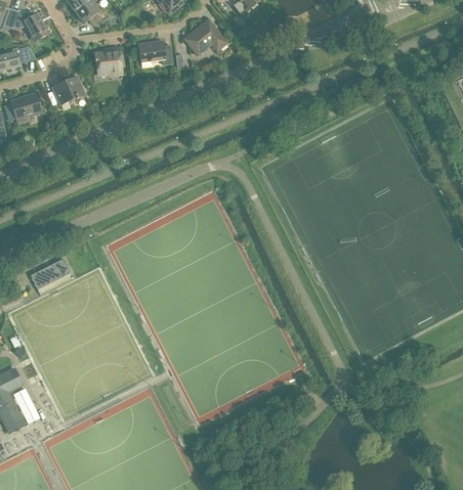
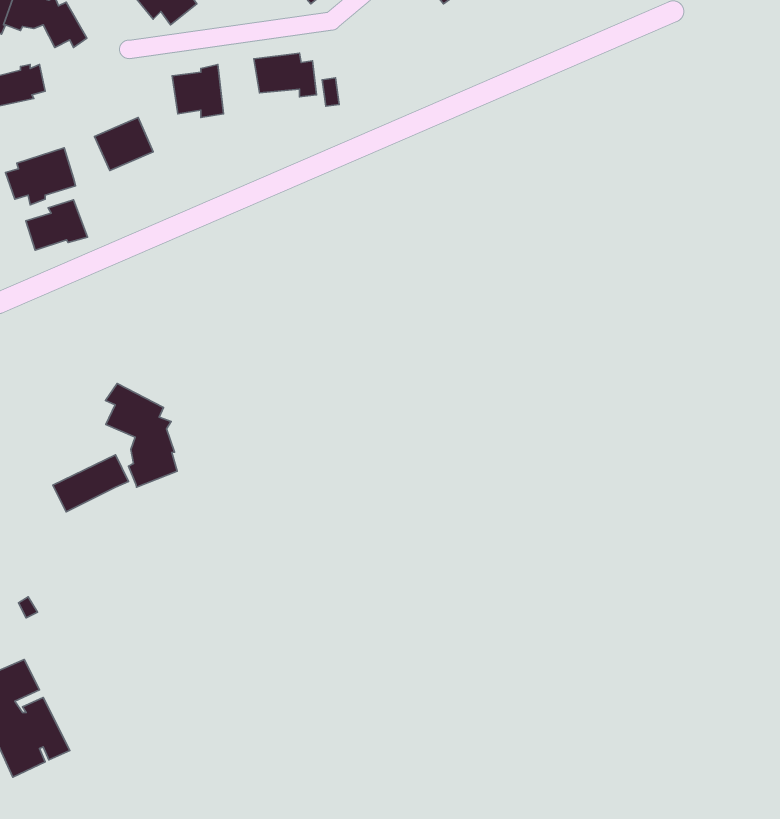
building: [183,18,227,55] -> none
building: none -> [26,200,87,250]
building: none -> [105,383,177,487]

